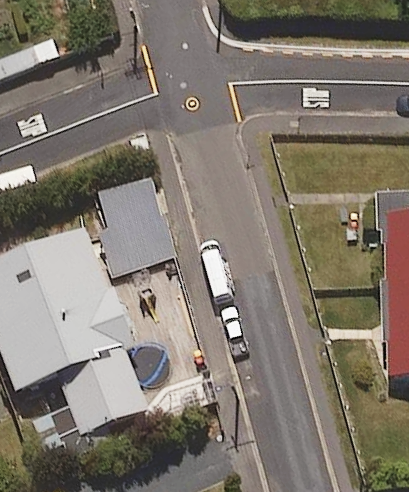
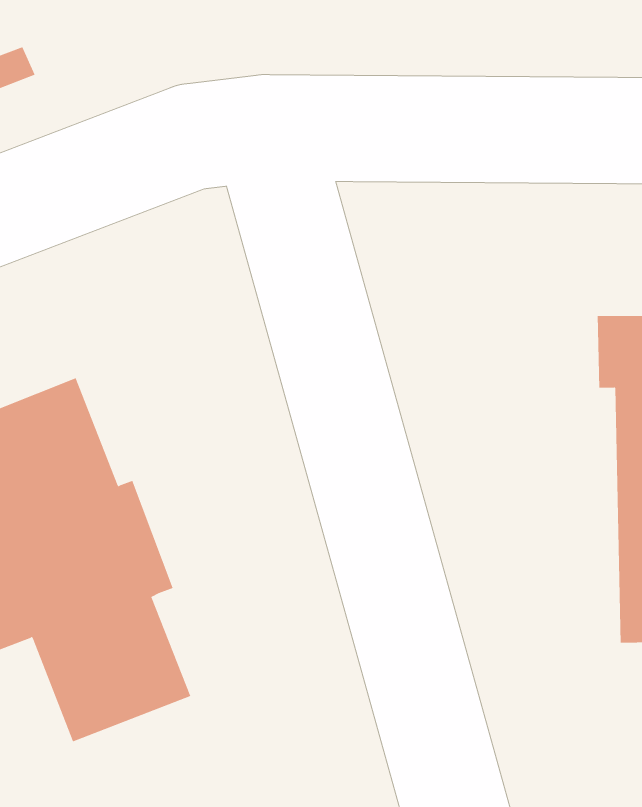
building: [94,177,173,272] -> none

